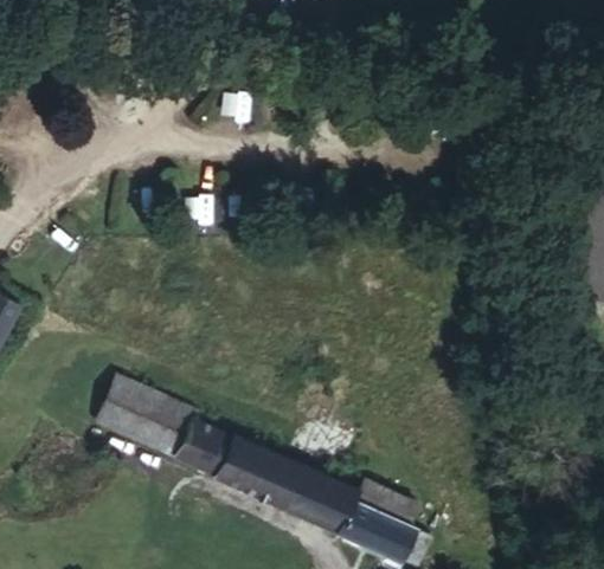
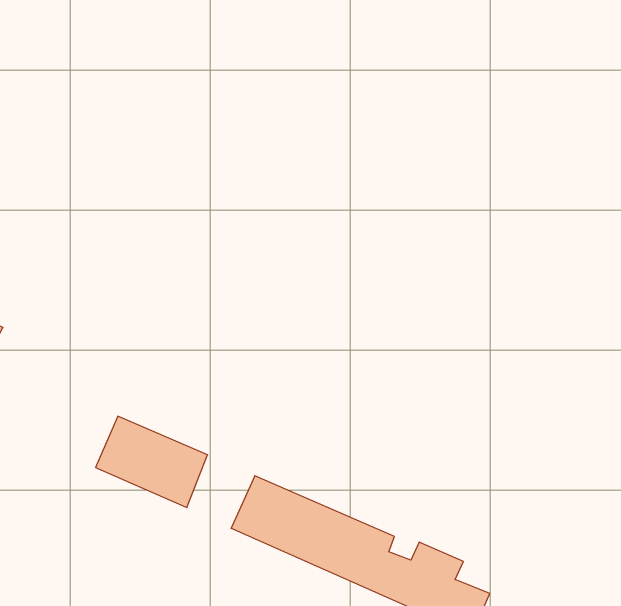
building: [173,414,231,477] -> none

